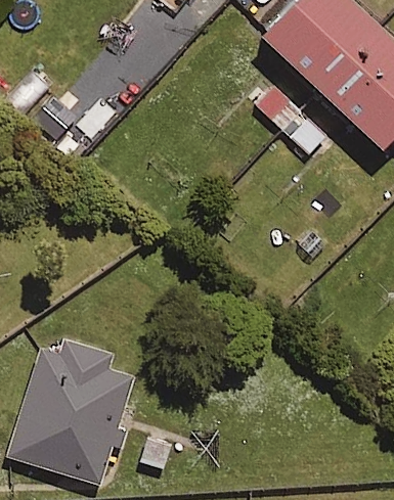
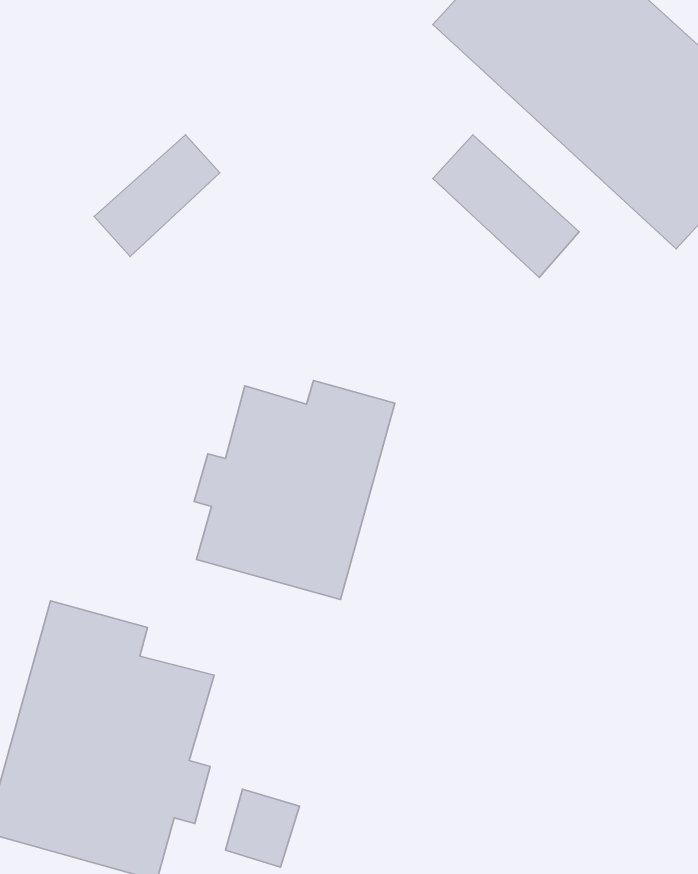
building: none -> [194,380,395,600]

